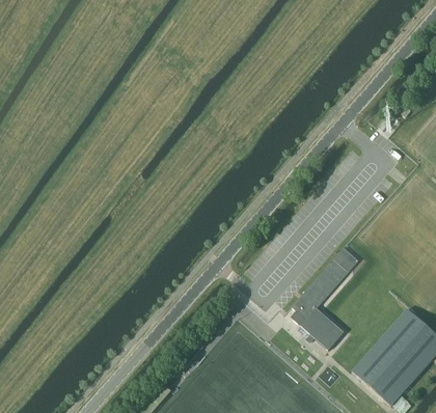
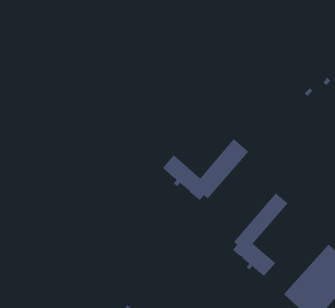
building: none -> [162,138,249,201]

